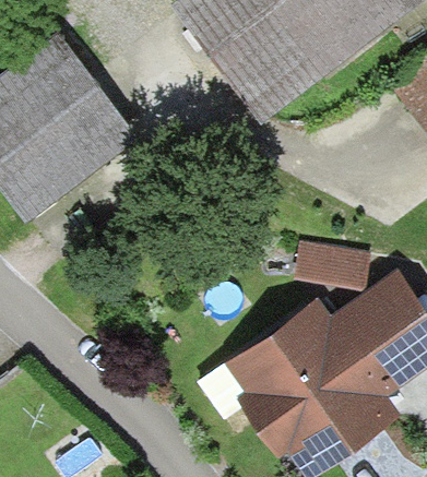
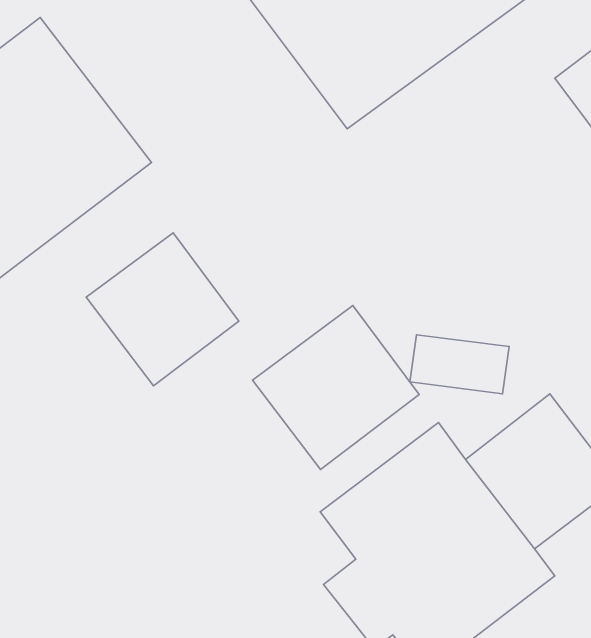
building: none -> [86,233,239,386]
building: none -> [252,305,419,469]

